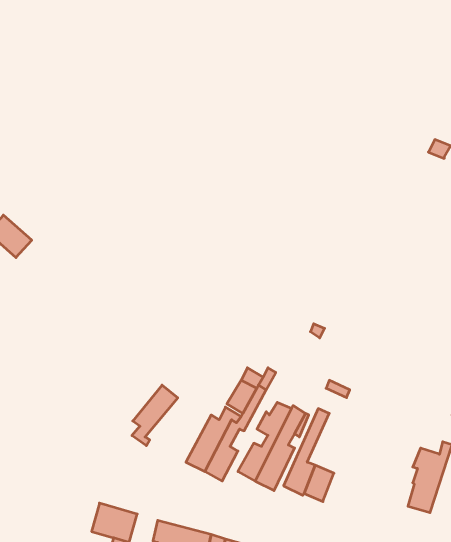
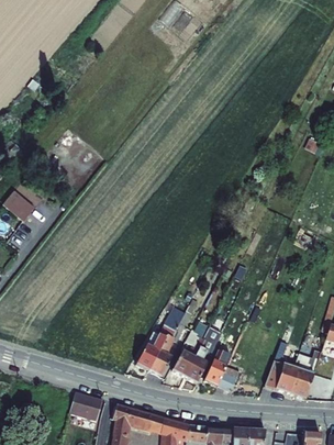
building: [132,385,178,446] -> none
building: none -> [265,341,298,394]

